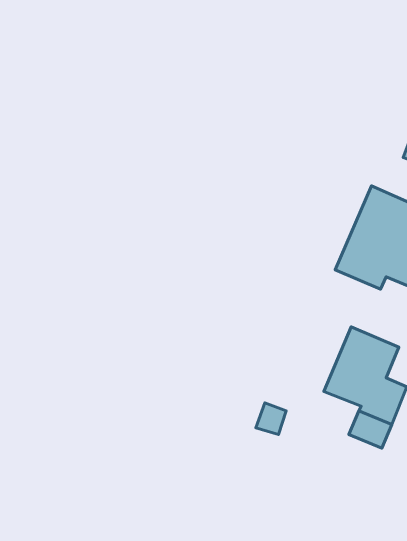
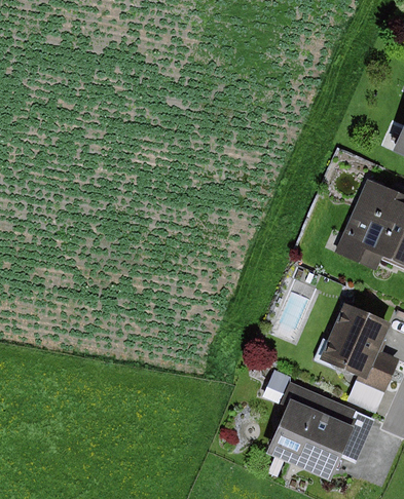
building: none -> [268,384,361,474]

